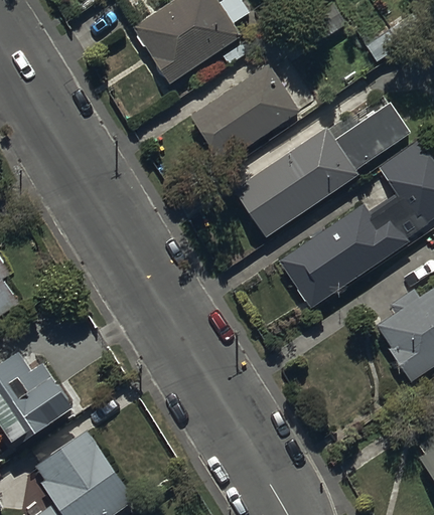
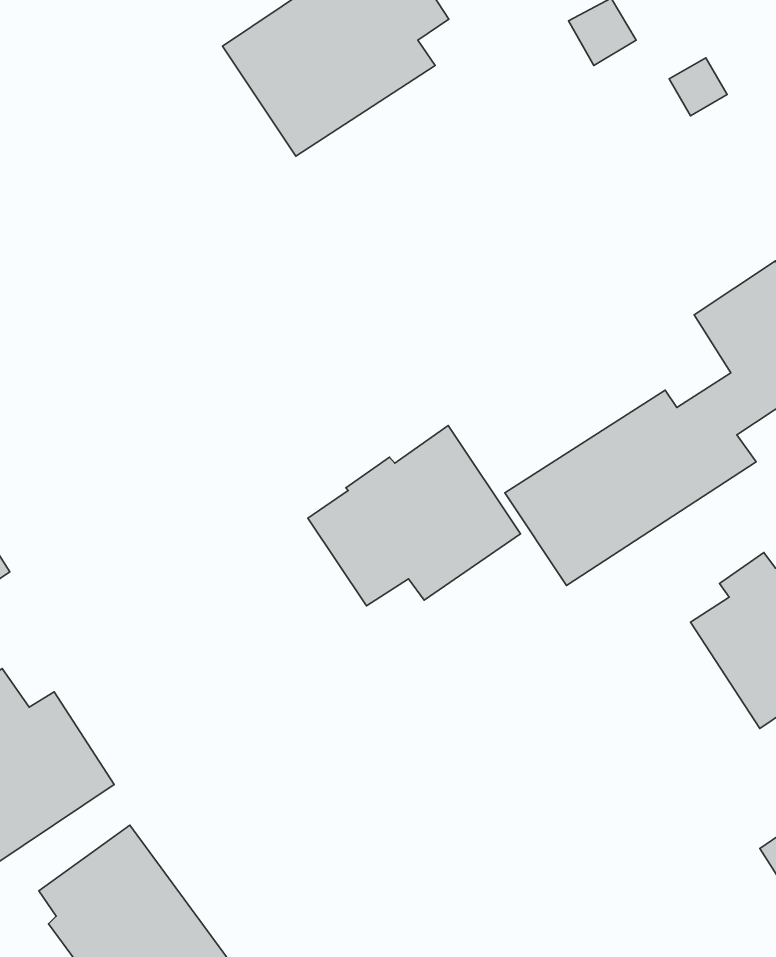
building: [191,63,301,163] -> none
building: [234,101,412,236] -> none
building: none -> [308,426,521,606]

